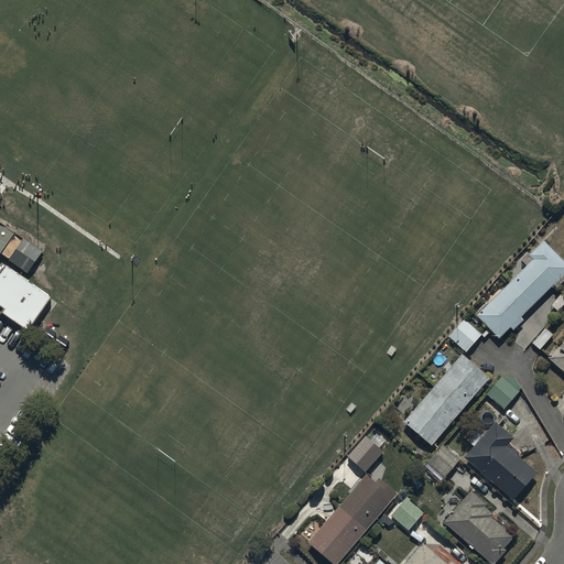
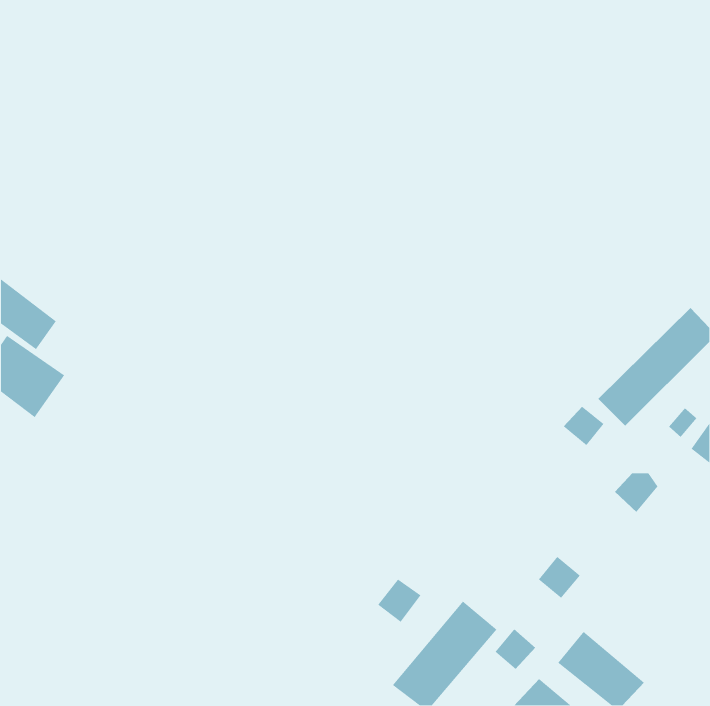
building: [404,356,488,446] -> none
building: [463,420,538,499] -> none
building: [349,437,384,473] -> [377,578,422,623]

